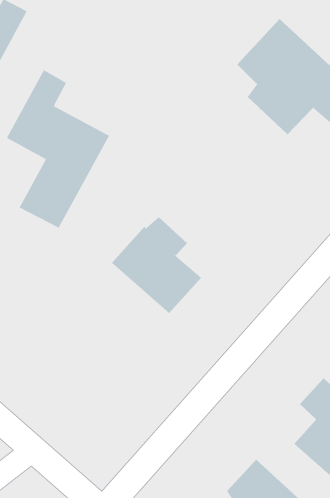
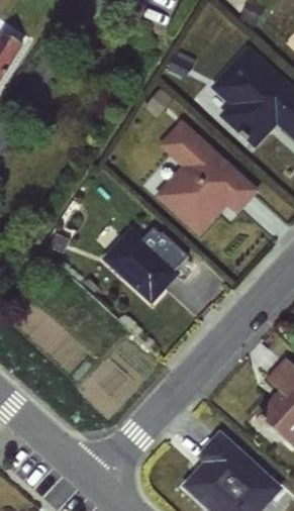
building: [6,69,110,229] -> none
building: none -> [153,118,257,233]

